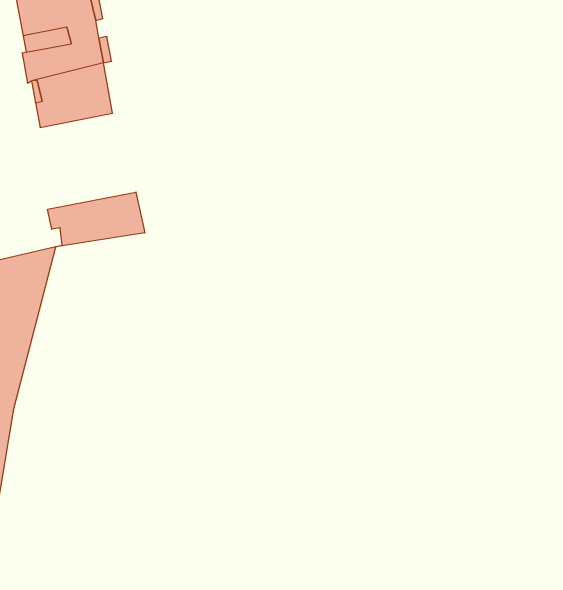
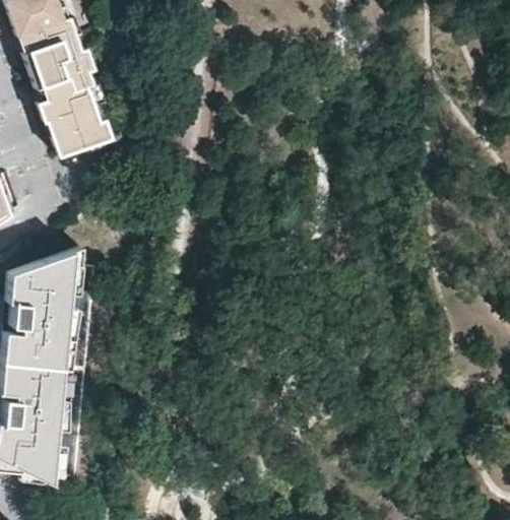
building: [48,192,145,247] -> none

